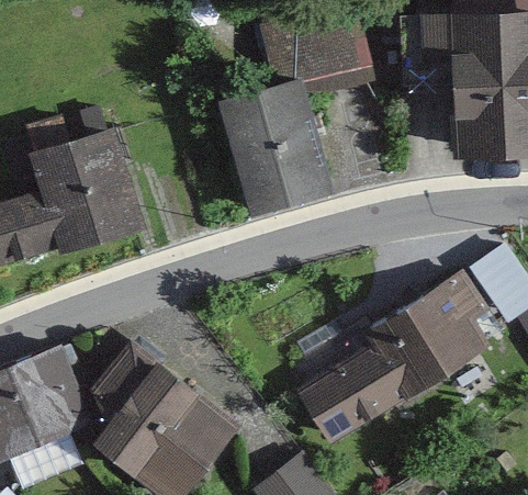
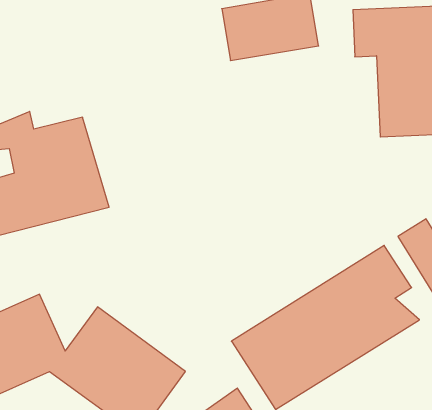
building: [210,83,329,218] -> none

